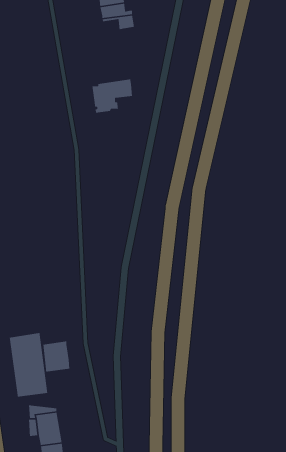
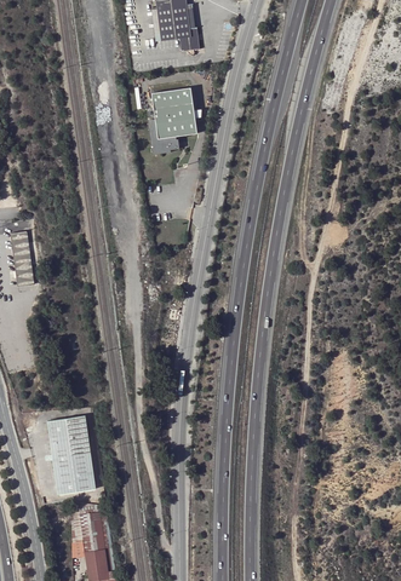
building: none -> [151,87,194,117]
building: [42,341,70,372] -> none

